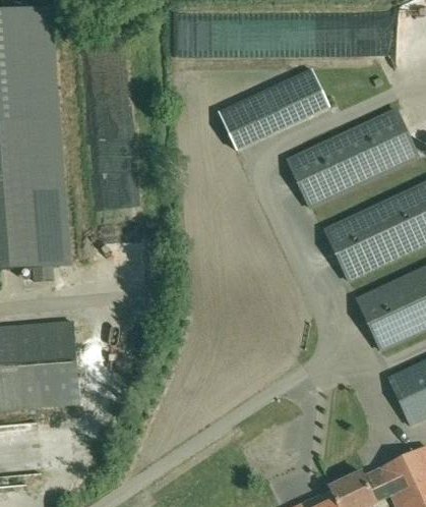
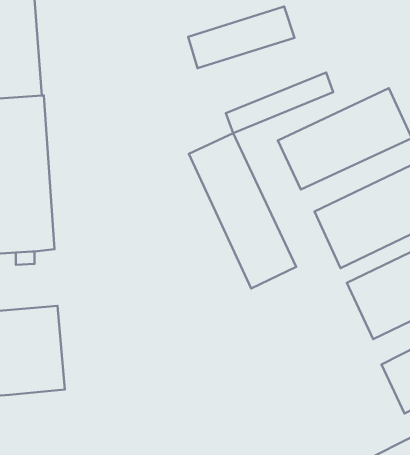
building: [224,67,327,127] -> [188,6,295,68]
building: none -> [189,133,296,288]

